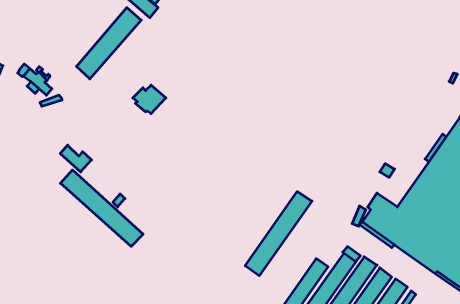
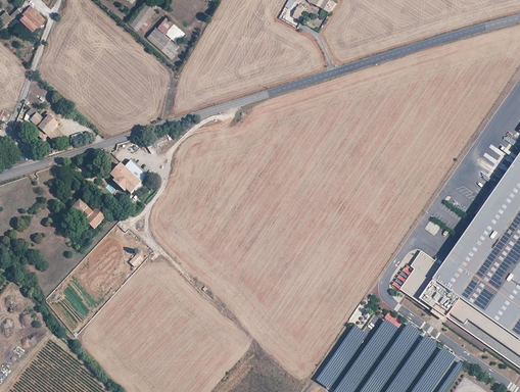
building: [76,8,141,79] -> none
building: [133,85,166,114] -> [110,160,147,192]
building: [60,170,143,246] -> none
building: [245,192,312,276] -> none

